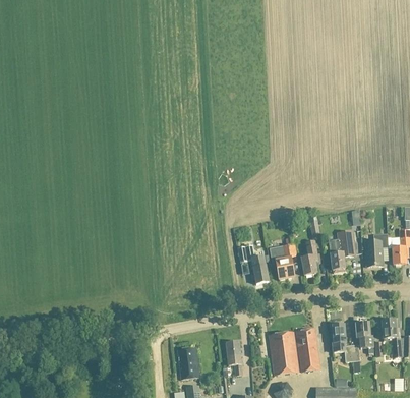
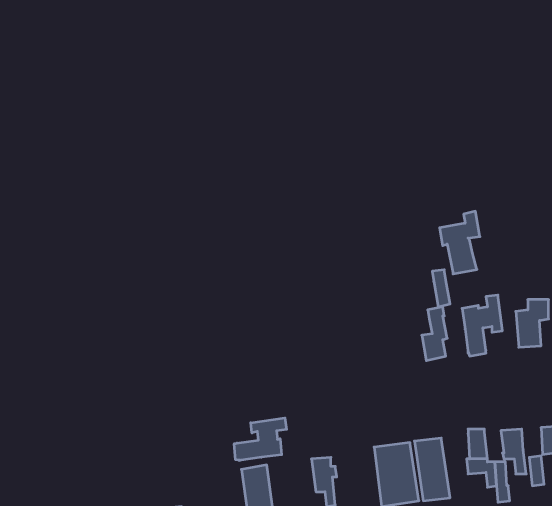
building: [270,236,297,279] -> [440,211,480,274]
building: [238,244,269,283] -> none
building: none -> [234,418,287,460]

